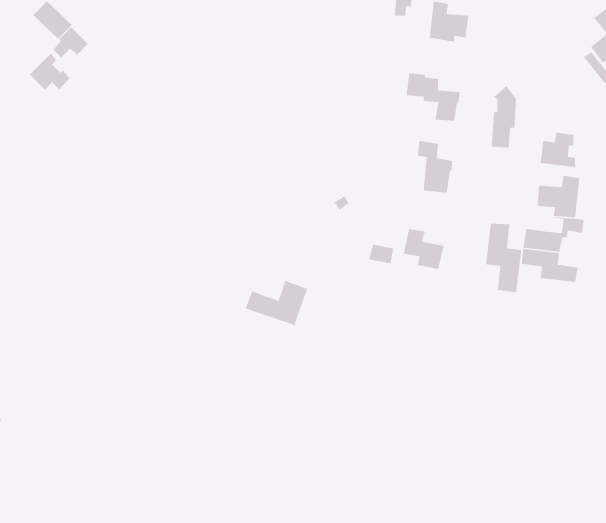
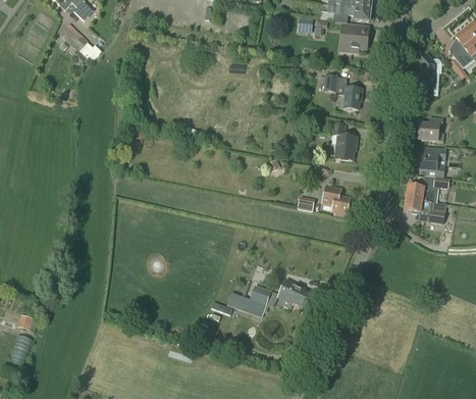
building: [29,53,70,90] -> none
building: [491,85,517,148] -> [417,54,435,99]
building: [485,223,522,293] -> none
building: [245,280,308,326] -> [226,284,271,316]
building: none -> [277,278,311,306]

